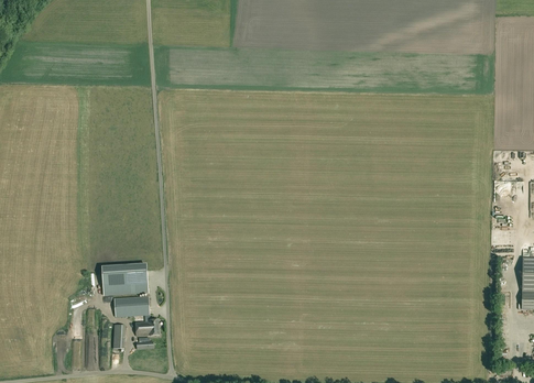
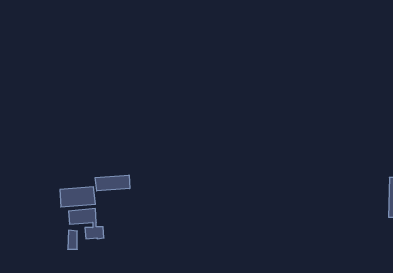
building: none -> [95,175,130,191]

